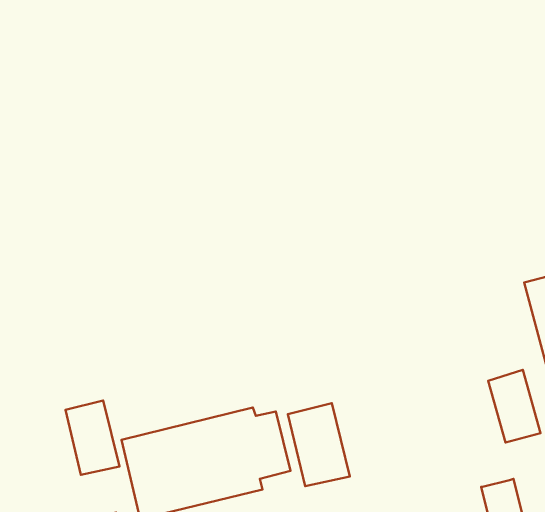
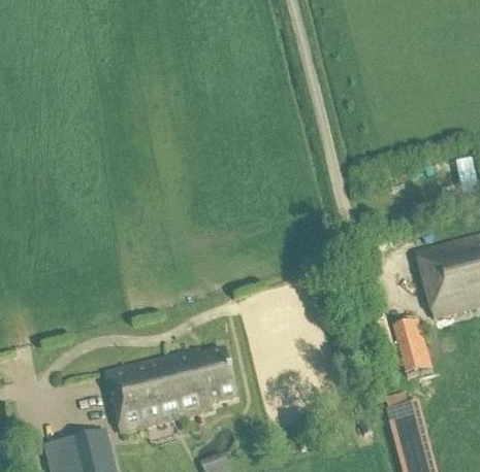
building: [66,400,119,475] -> none
building: [288,403,350,486] -> none

